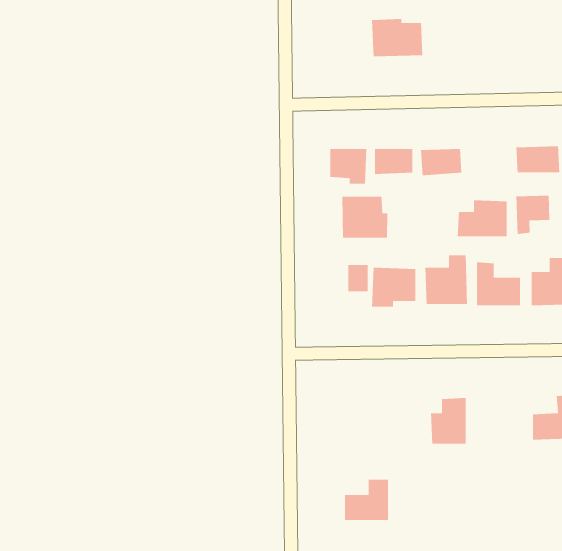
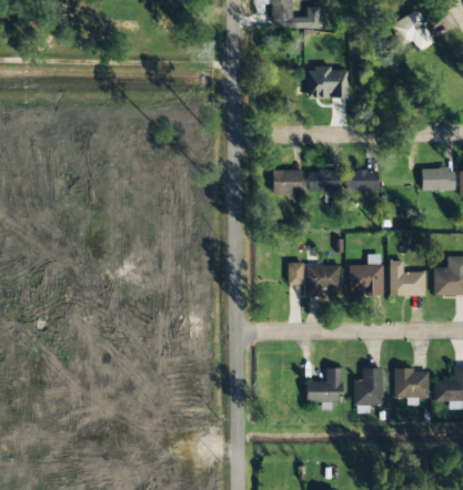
building: [515,195,550,235] -> none
building: [341,196,388,239] -> none
building: [457,199,507,237] -> none
building: none -> [394,368,429,397]
building: [344,479,389,521] -> [306,368,342,401]

